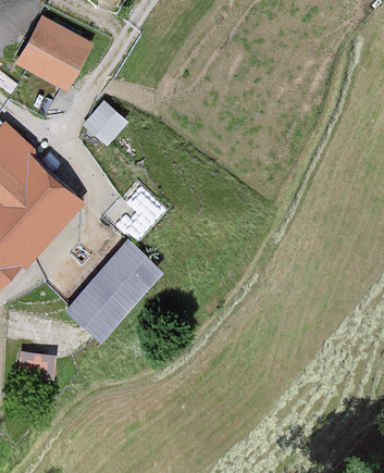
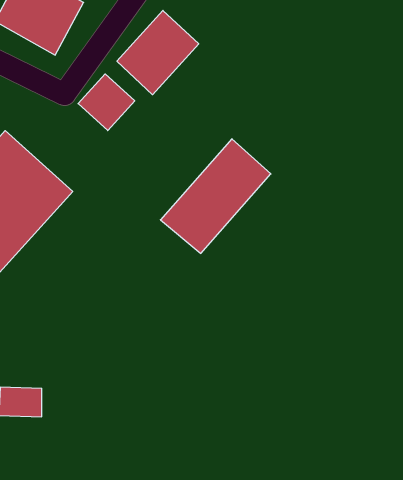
building: none -> [117,10,199,95]
building: [70,242,159,335] -> [160,139,271,253]

